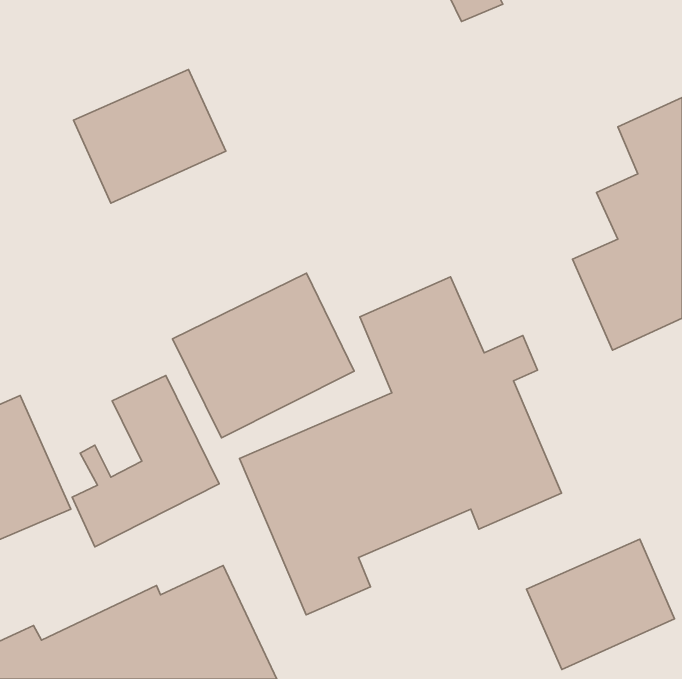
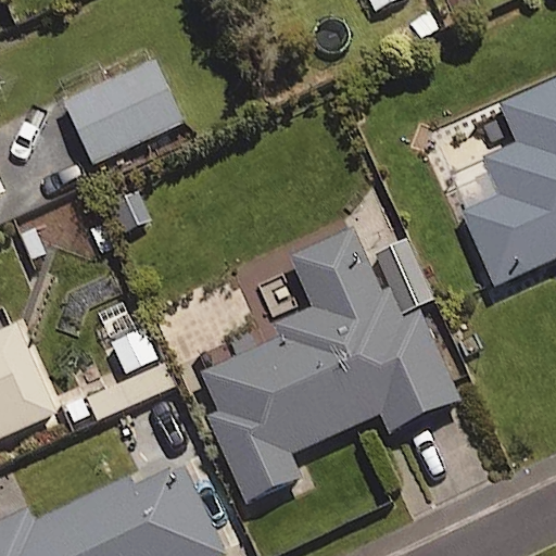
building: [173,273,354,438] -> none
building: [526,539,674,669] -> none

